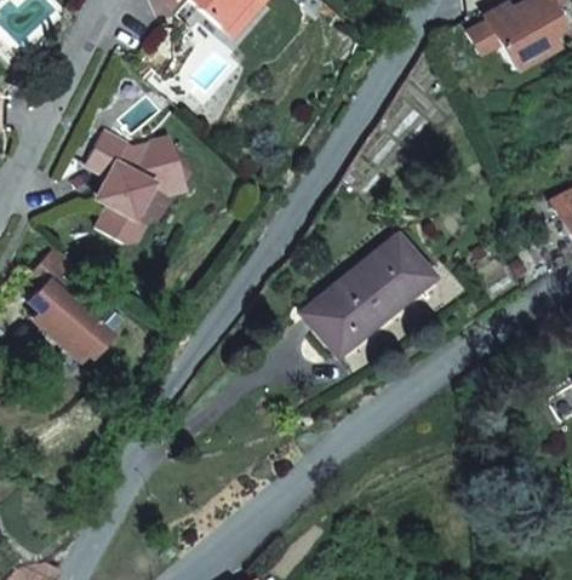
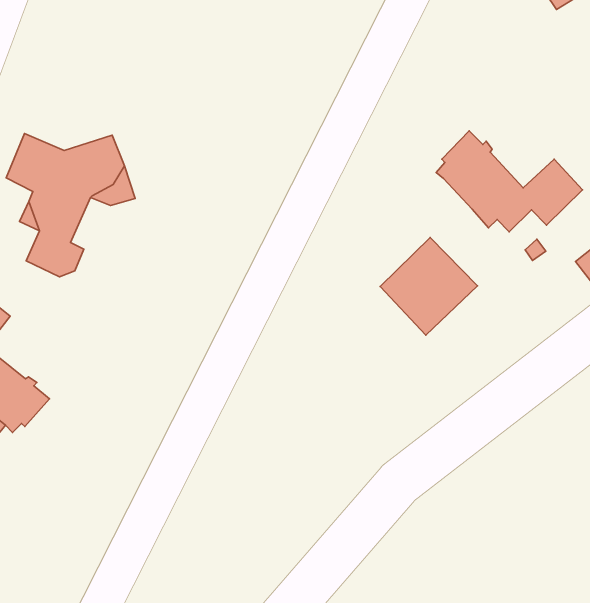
building: none -> [436,131,582,232]
building: [309,270,395,354] -> none

